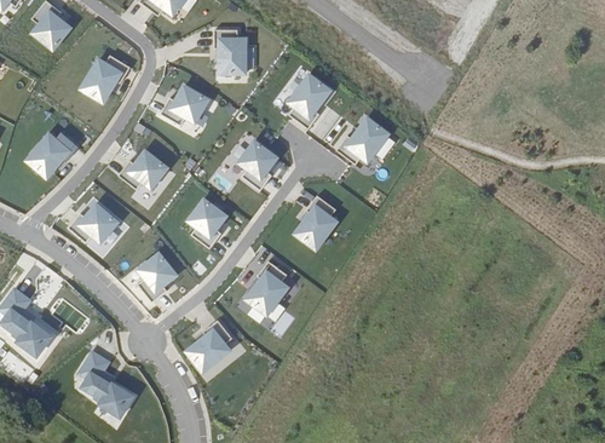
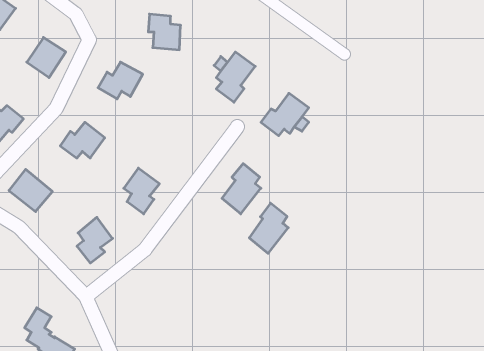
building: [240,139,278,189] -> none
building: [246,260,288,315] -> [249,203,288,253]
building: [186,318,234,370] -> none

